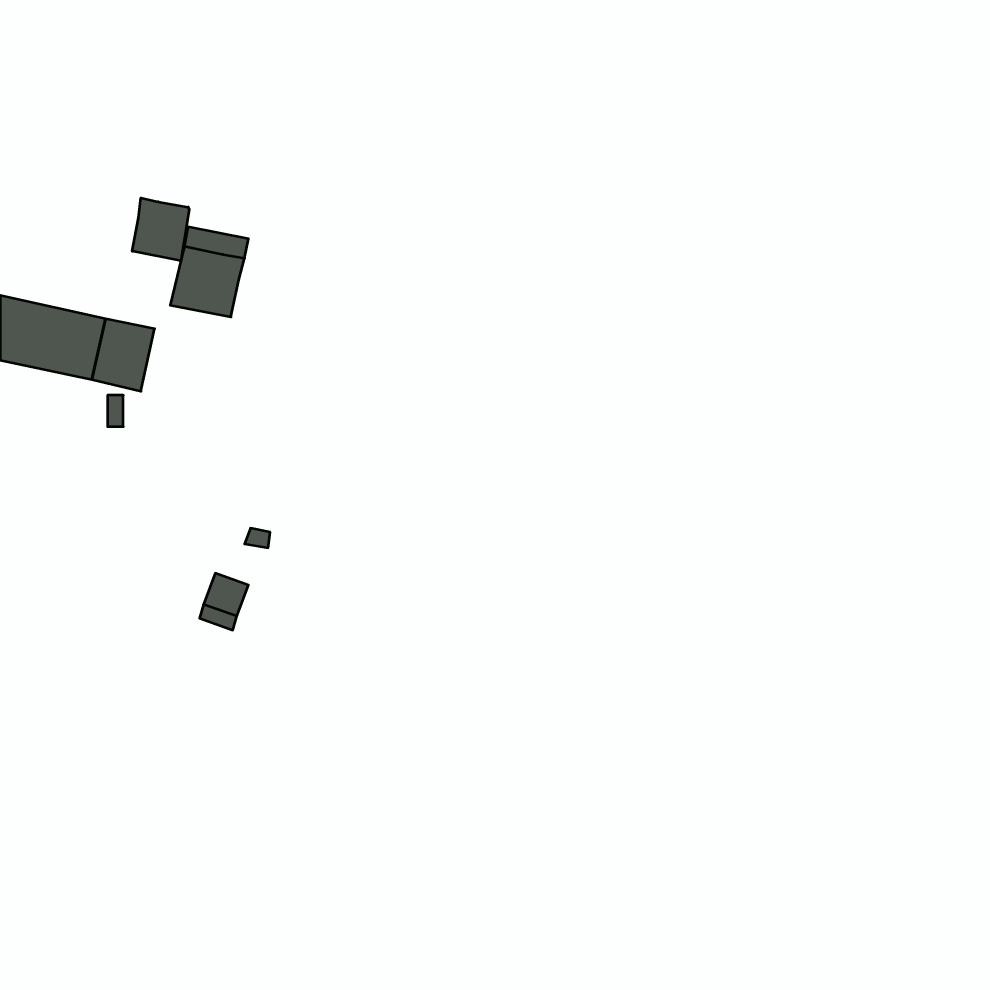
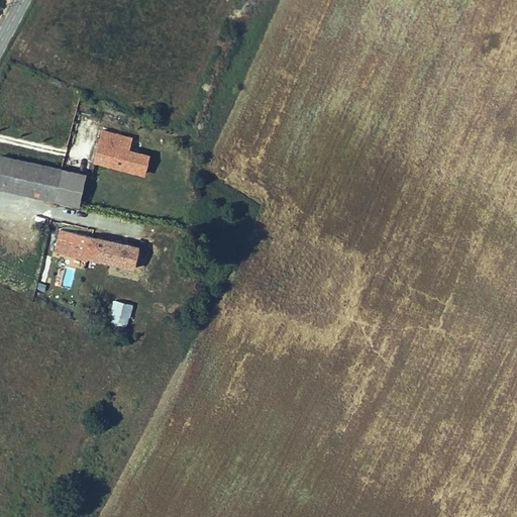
building: [132,198,189,261] -> none
building: none -> [124,149,148,174]
building: none -> [58,233,126,273]

